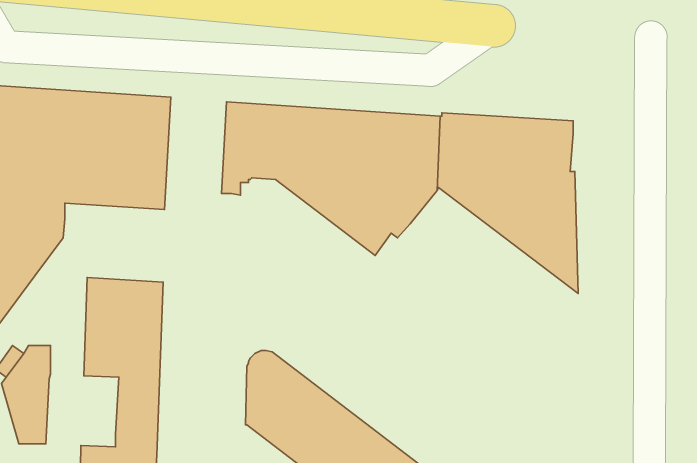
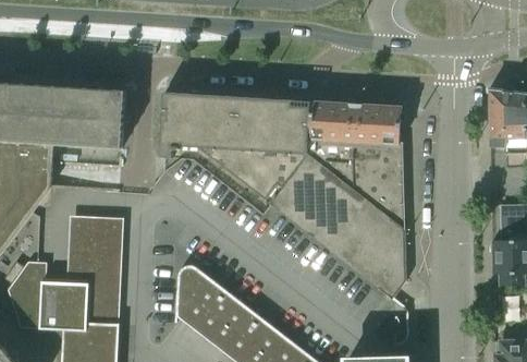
building: none -> [270,152,406,298]
building: none -> [39,280,89,330]

